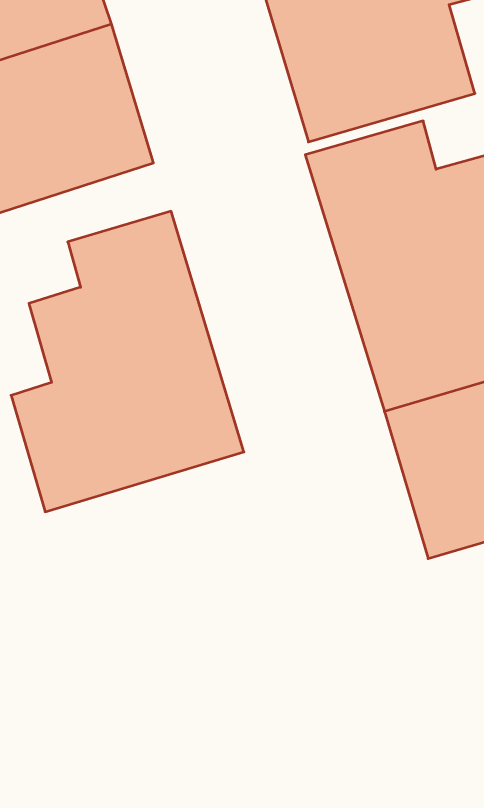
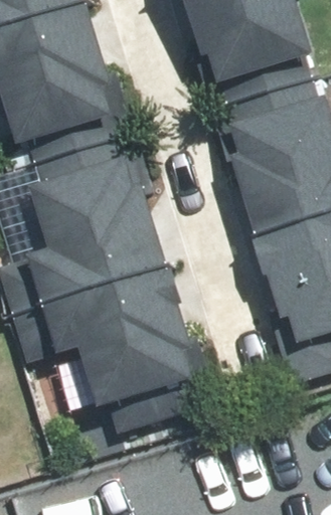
building: none -> [44,284,194,404]

